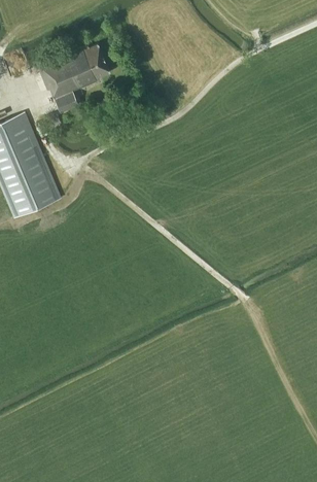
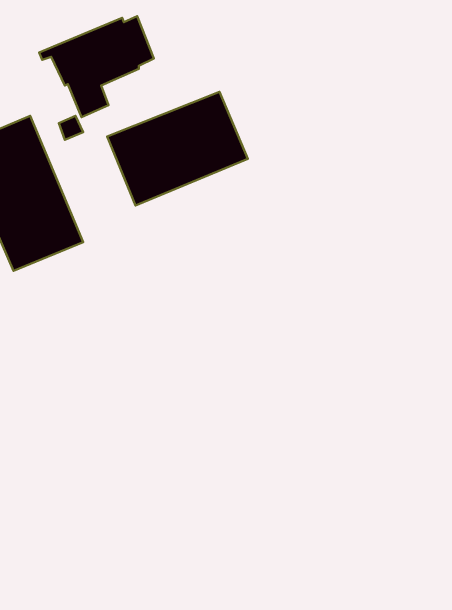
building: none -> [107,92,248,205]

